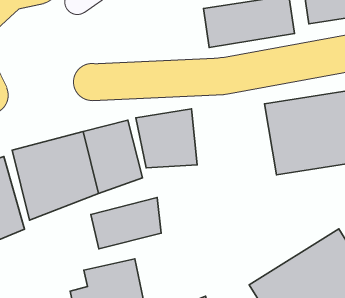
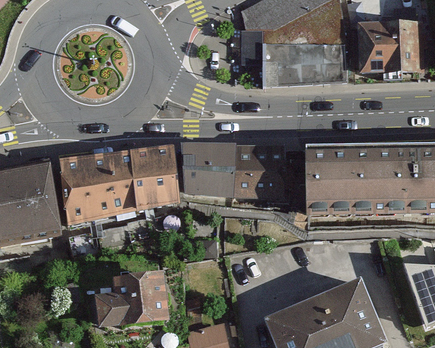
building: none -> [234,144,285,196]
building: [91,198,161,249] -> none

